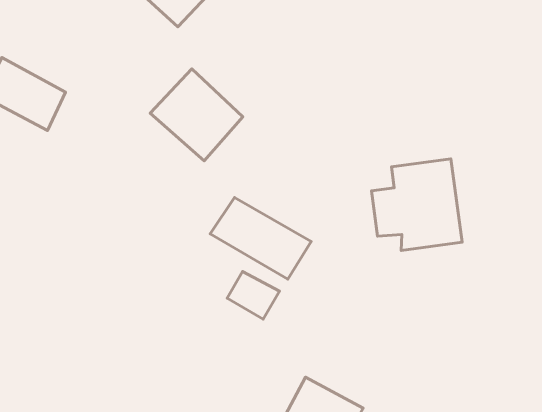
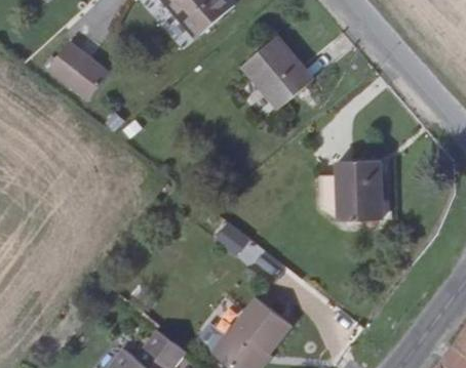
building: [150,69,243,161] -> [242,37,308,104]
building: [210,198,311,279] -> none

